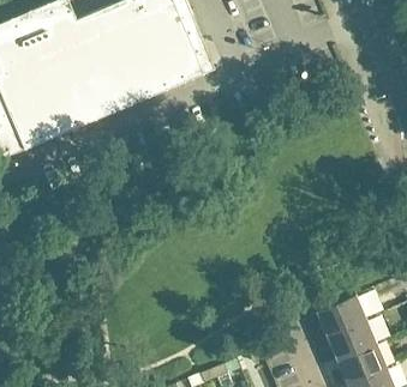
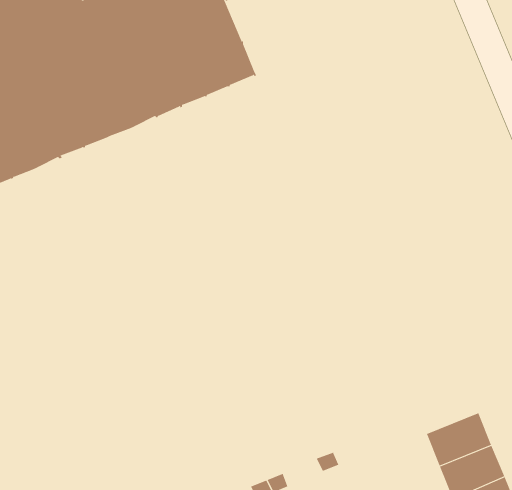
building: [317,294,366,334] -> none

